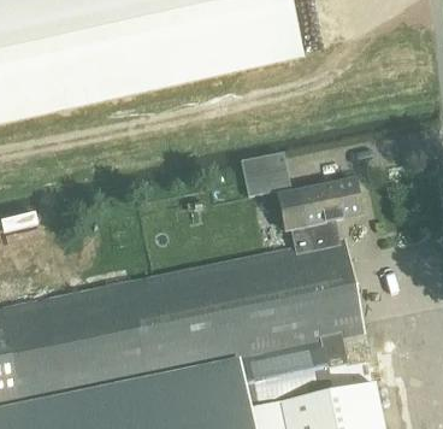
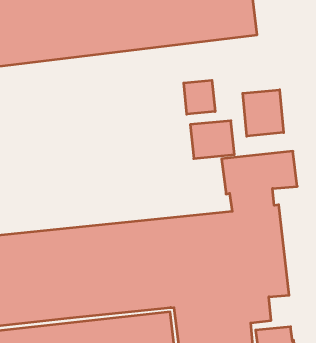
building: none -> [184,80,215,114]
building: none -> [243,90,284,136]

